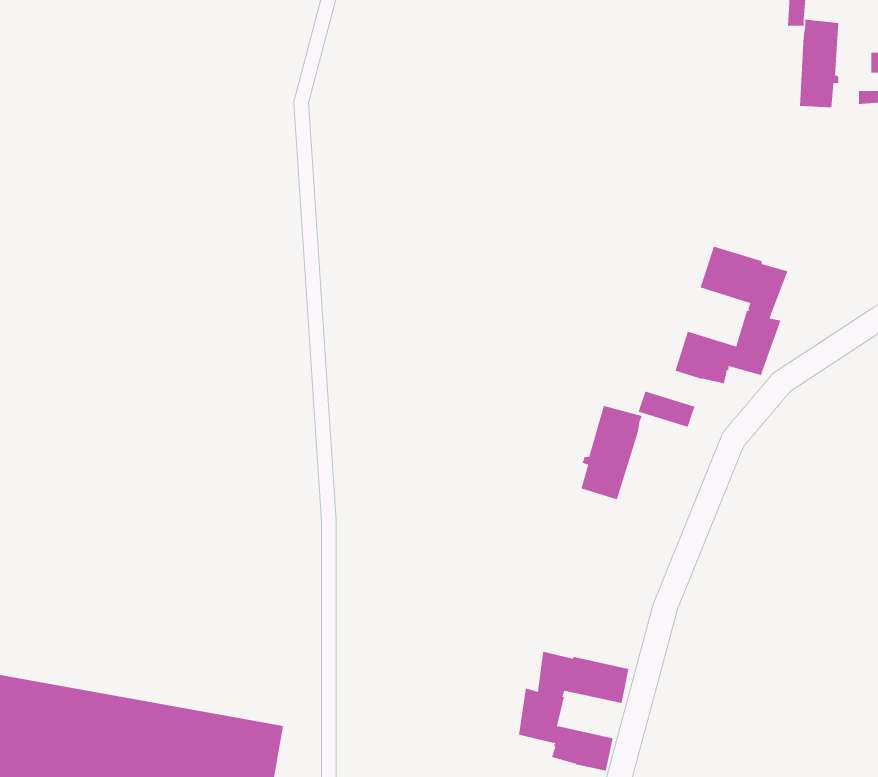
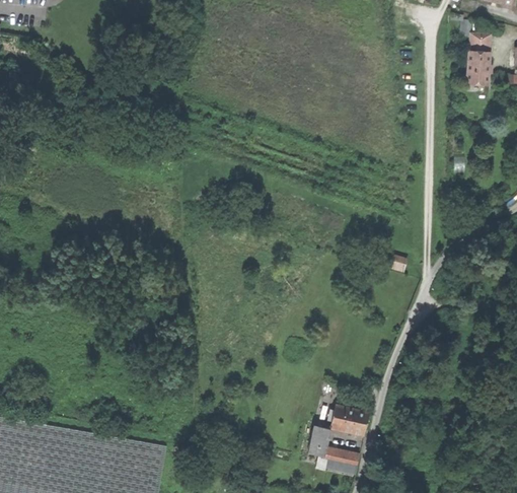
building: [675,246,788,384] -> none
building: [581,405,642,500] -> none

